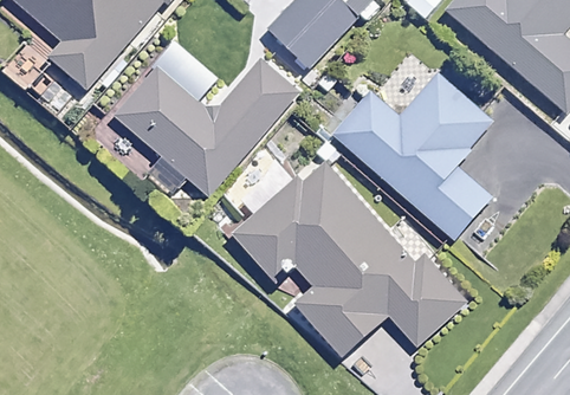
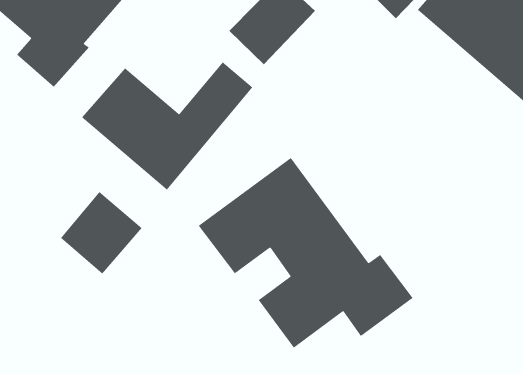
building: [329,77,484,239] -> none
building: none -> [60,191,142,275]

